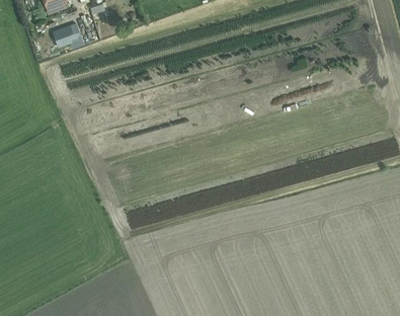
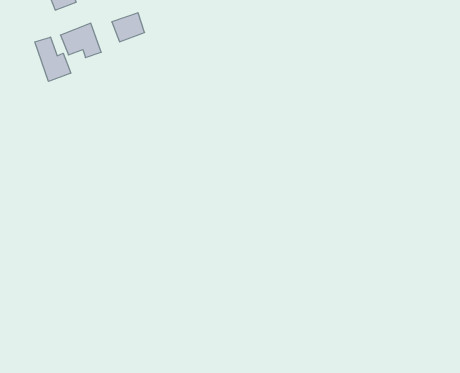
building: none -> [35,37,71,81]

